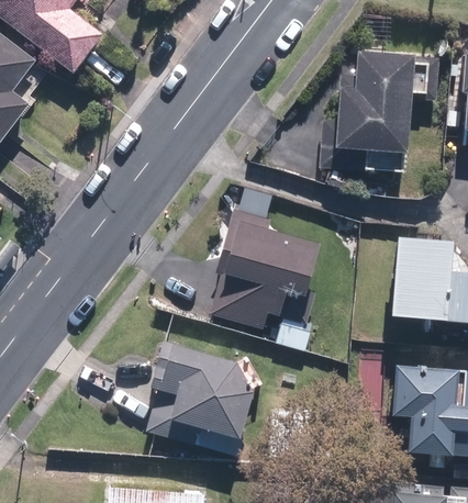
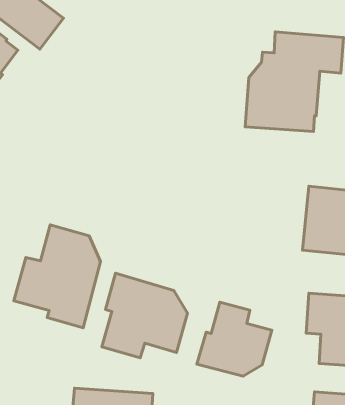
building: [211,211,317,329] -> none
building: none -> [14,225,101,328]
building: none -> [197,302,272,376]

